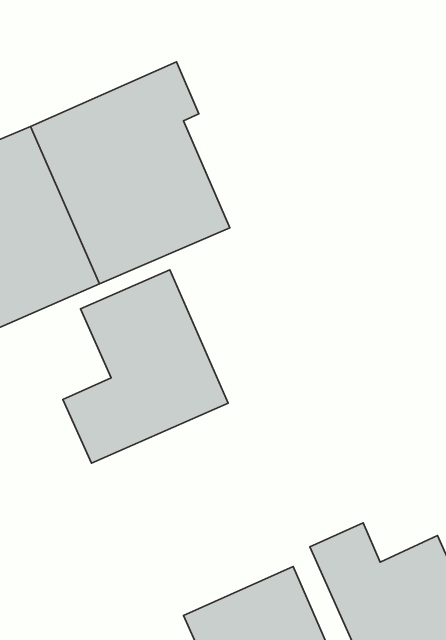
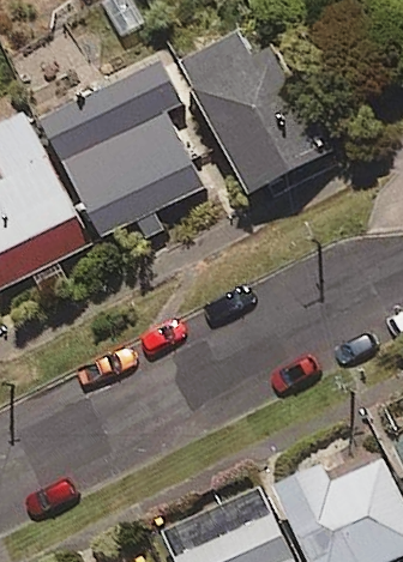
building: none -> [182,19,326,192]
building: [63,270,228,463] -> none

